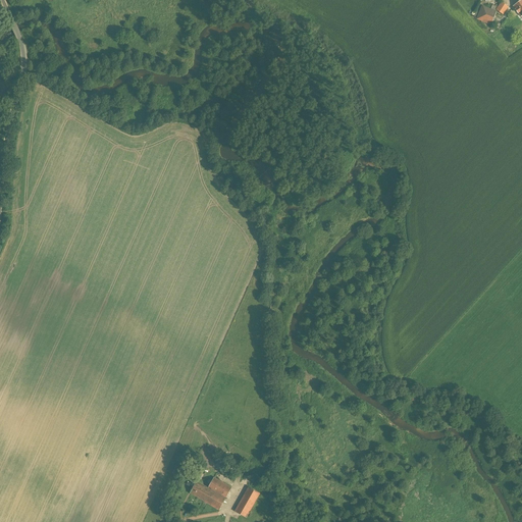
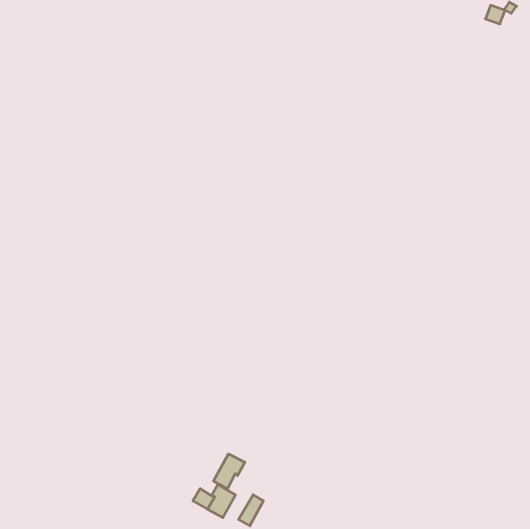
building: none -> [214,454,245,489]

